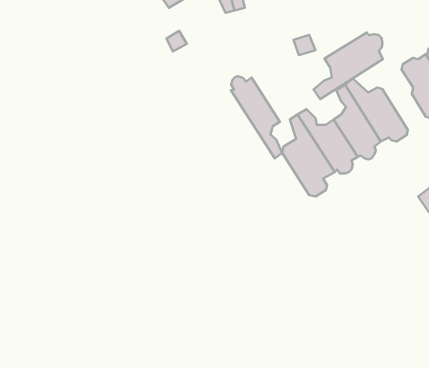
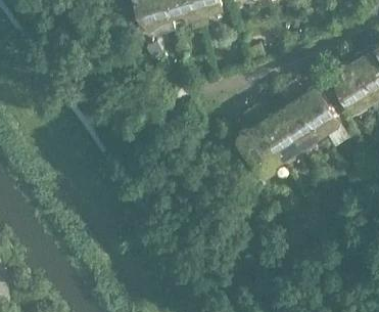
building: [313,32,383,99] -> none
building: [231,76,282,158] -> none

